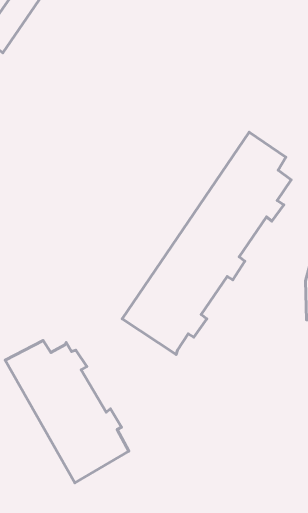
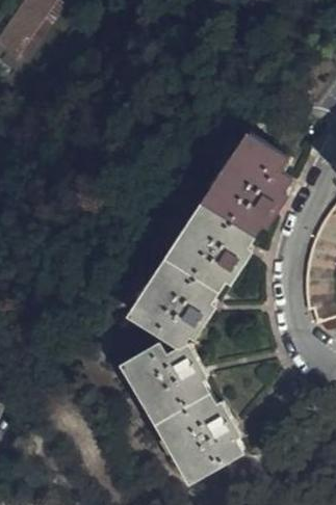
building: [5,340,129,483] -> [124,344,242,480]

